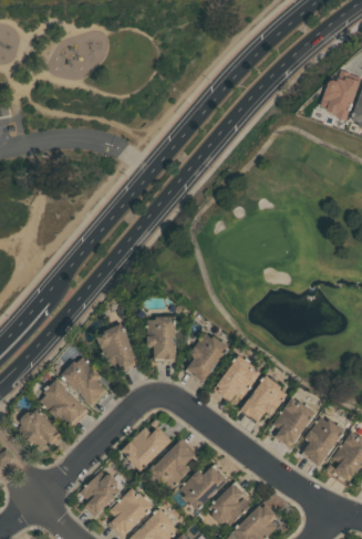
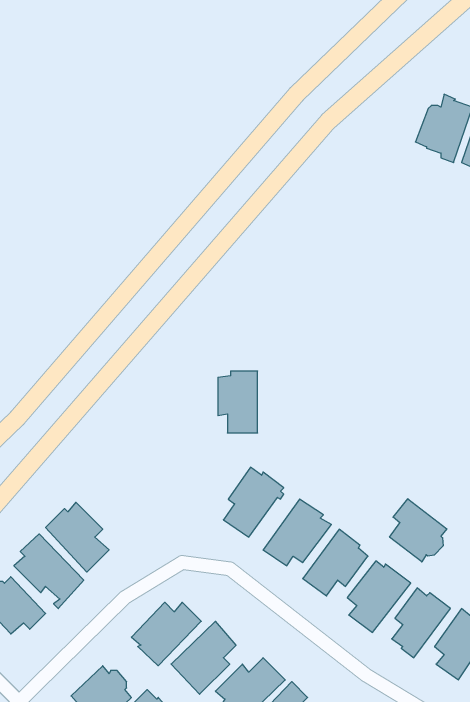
building: [146,317,174,360] -> [218,371,258,433]
building: [96,324,138,372] -> none
building: none -> [390,499,447,562]

